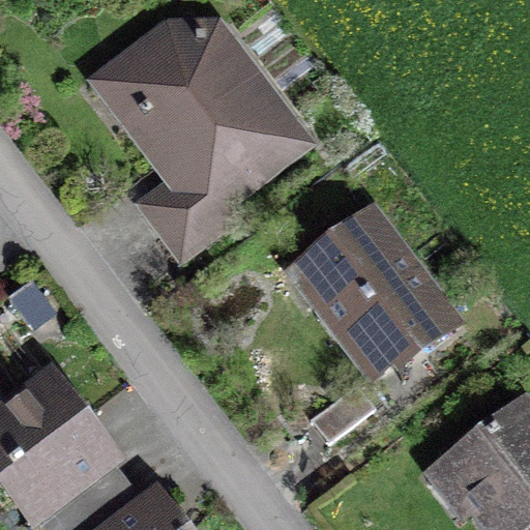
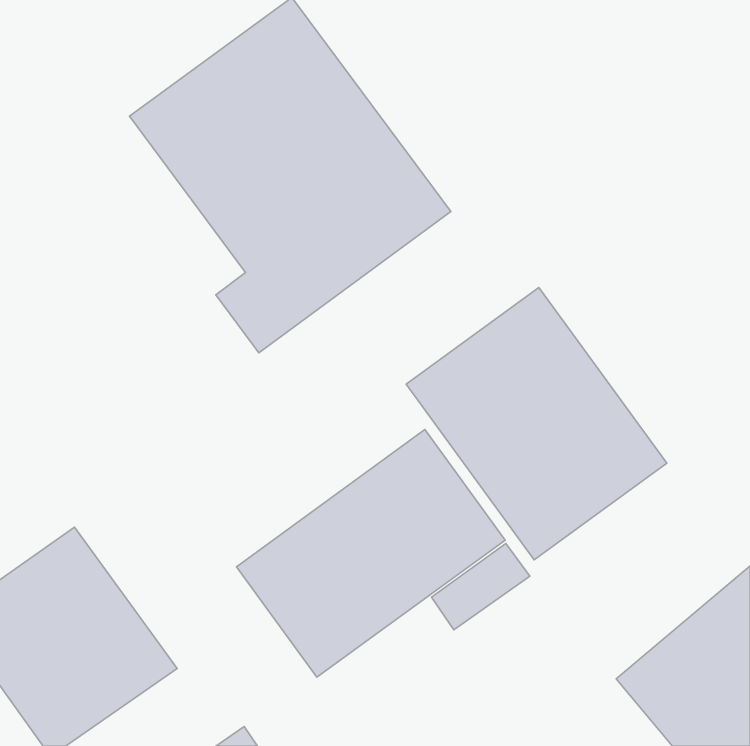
building: none -> [237,430,505,677]

